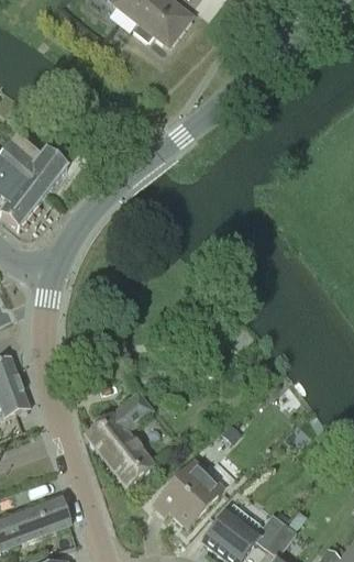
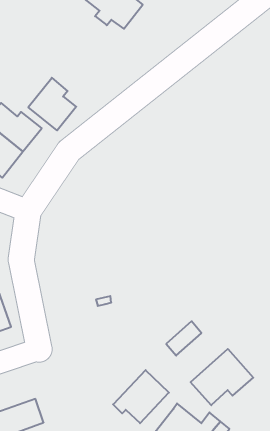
building: none -> [28,78,76,130]
building: [84,390,154,486] -> none
building: none -> [191,349,253,405]

